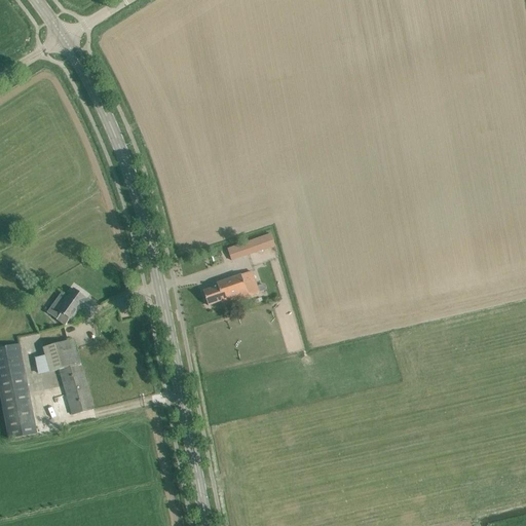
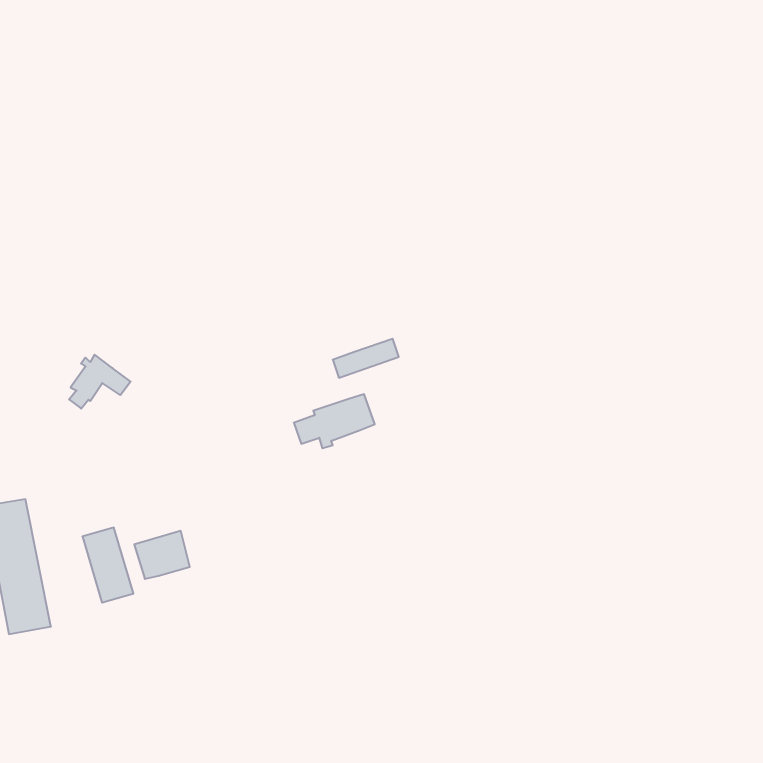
building: [54,287,97,324] -> [69,355,131,409]
building: [40,337,78,370] -> [134,531,190,579]

